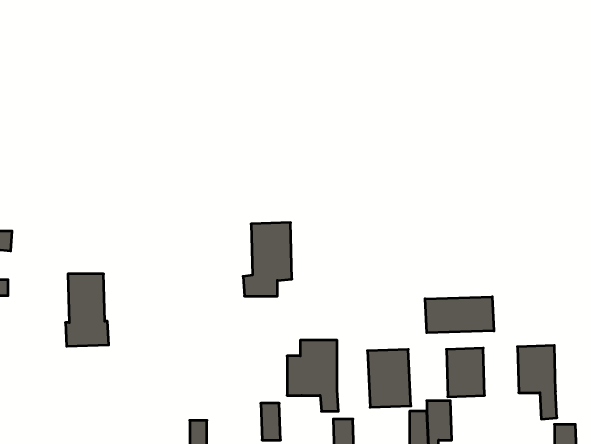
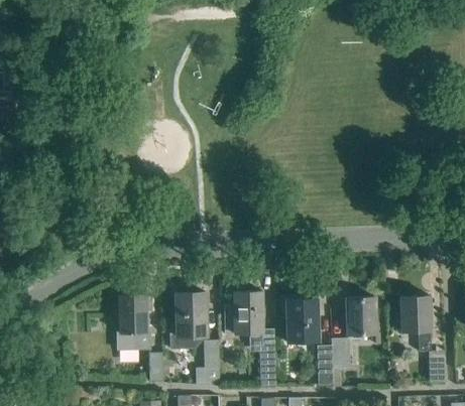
building: [243,223,292,296] -> [169,292,207,349]
building: [65,274,109,346] -> [117,294,150,350]
building: [425,297,494,333] -> none

